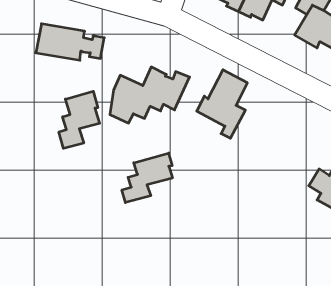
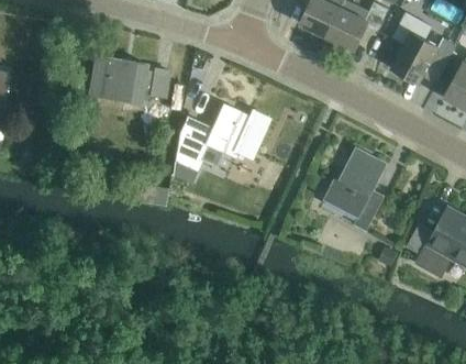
building: [197,70,247,138] -> [325,148,385,229]
building: [59,91,100,148] -> none
building: [122,153,172,203] -> none

